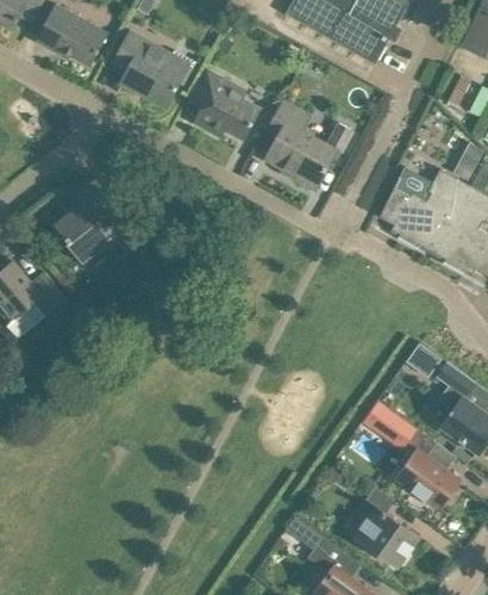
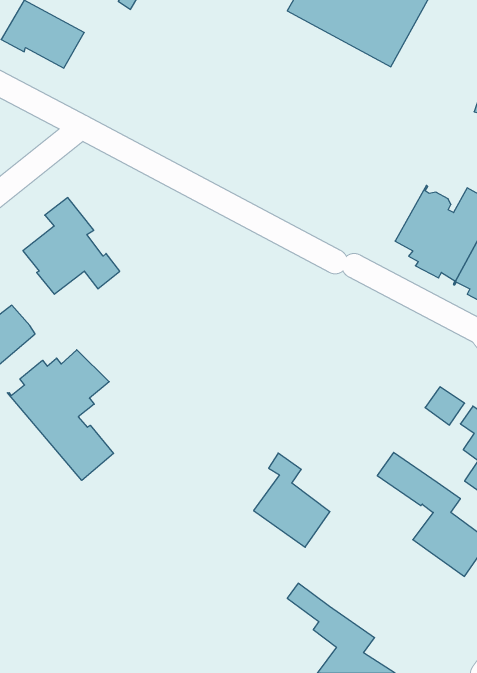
building: [112,31,195,106] -> none
building: [188,68,259,140] -> none
building: [265,100,352,186] -> none
building: none -> [7,350,114,480]
building: [352,485,419,568] -> [254,453,330,547]

